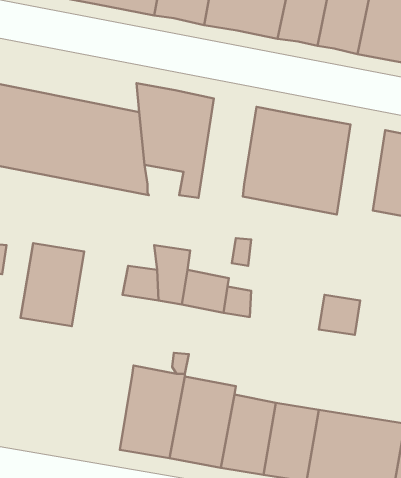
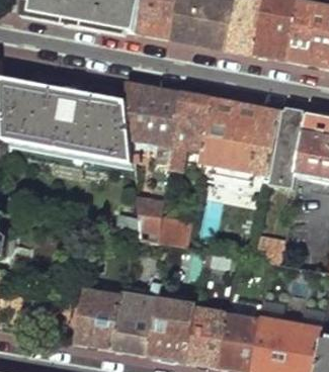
building: none -> [169,93,212,172]
building: none -> [268,112,306,192]
building: [21,243,84,326] -> [74,289,120,350]

